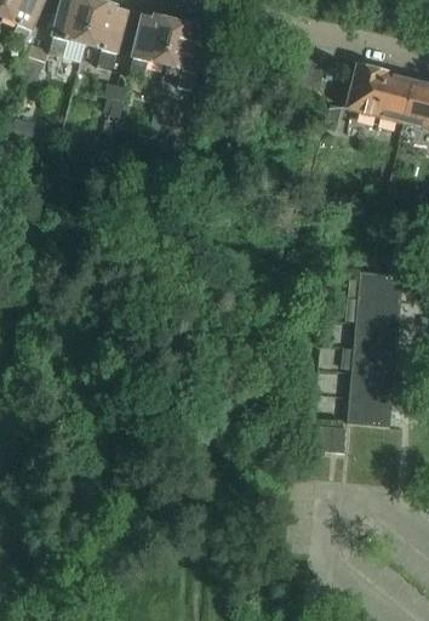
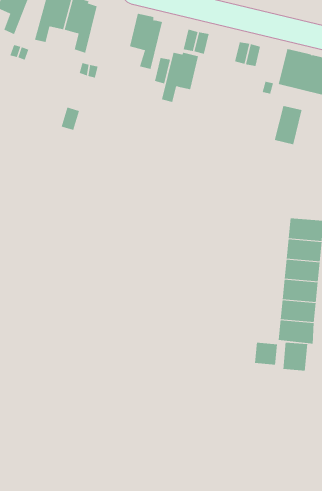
building: [128,16,175,78] -> [161,52,199,103]
building: none -> [274,105,302,145]
building: none -> [283,342,308,371]

